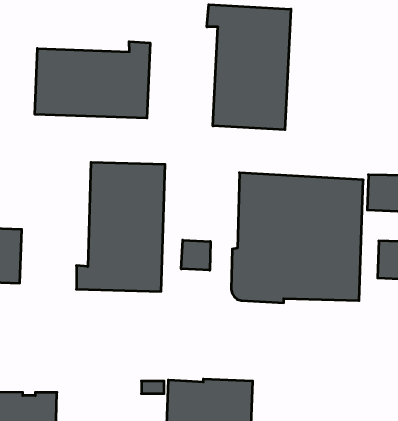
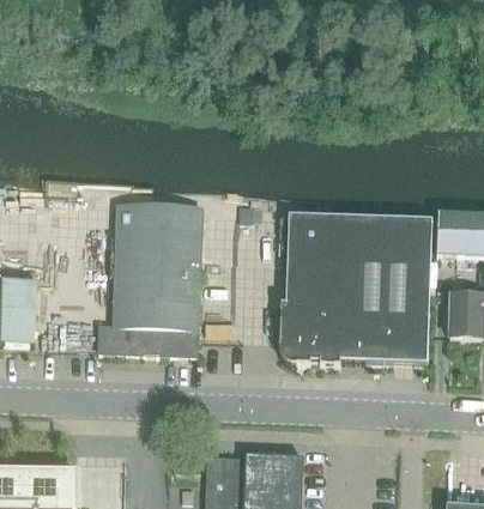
building: [207,5,291,130] -> none
building: [35,42,150,118] -> none
building: [181,240,210,270] -> none

